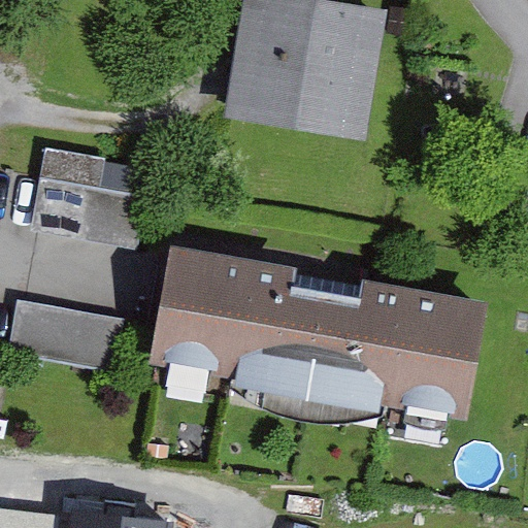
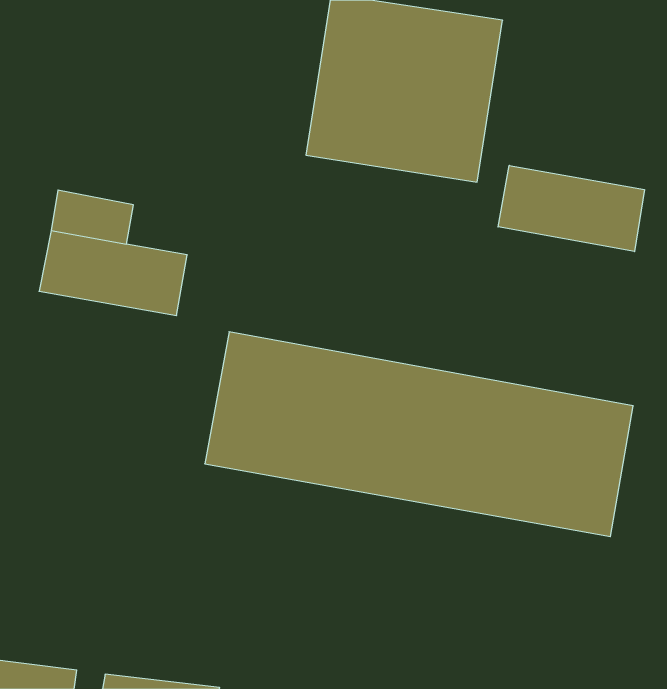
building: none -> [498,165,644,252]
building: [7,297,122,367] -> none

